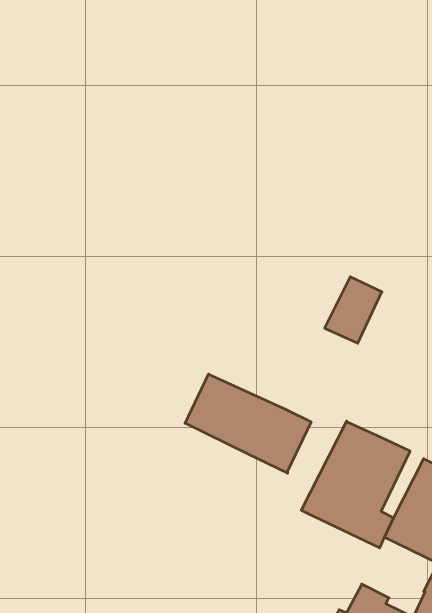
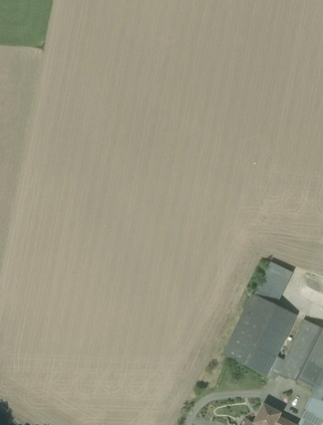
building: [325,277,382,343] -> [254,261,292,305]
building: [185,374,311,473] -> none

